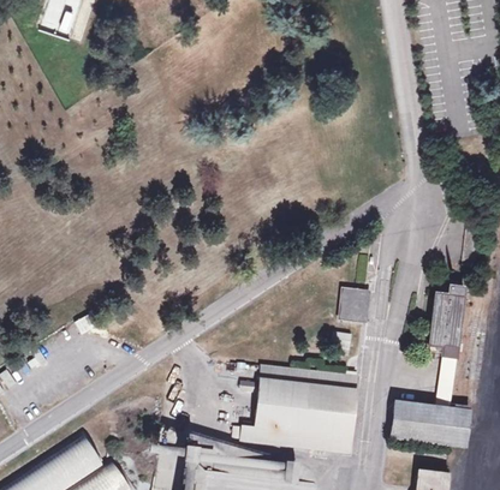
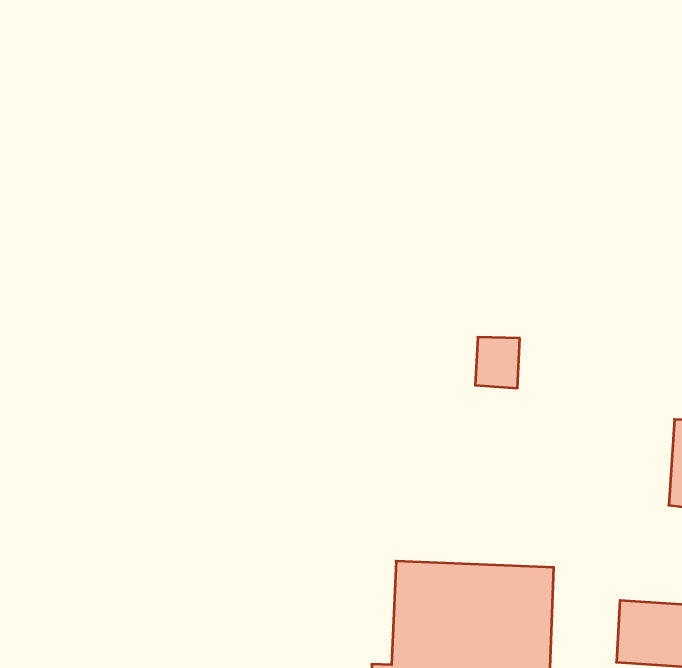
building: [339,293,368,325] -> [475,337,520,388]

